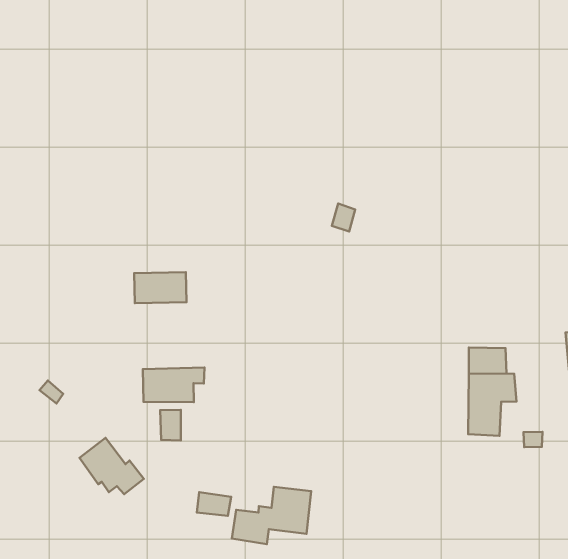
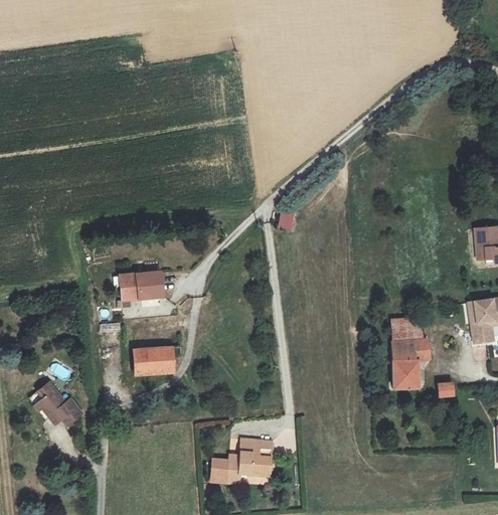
building: [160,410,181,441] -> none
building: [79,438,144,494] -> [30,381,82,425]
building: [197,492,231,516] -> none

